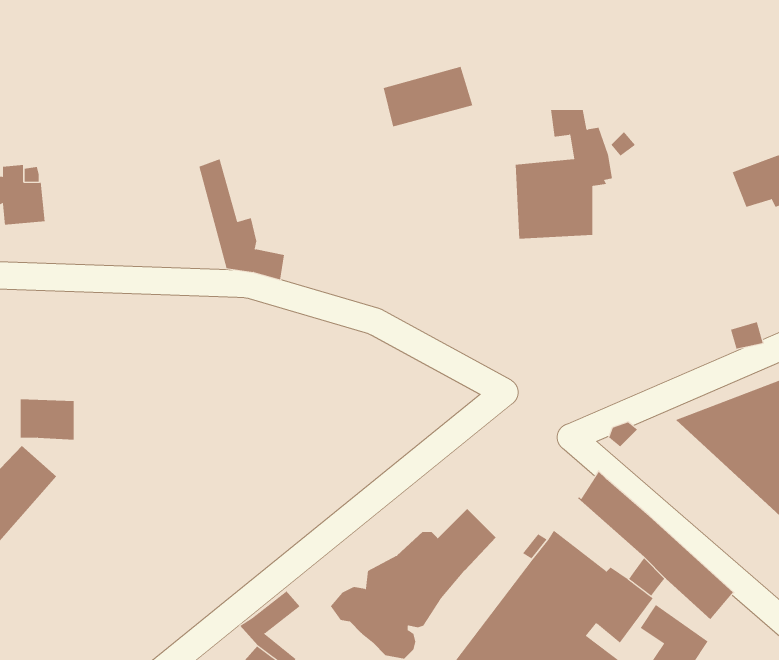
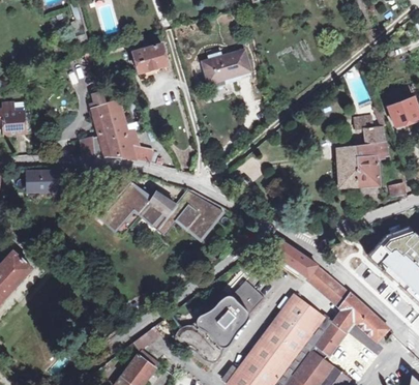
building: none -> [133,43,169,78]
building: [515,110,613,239] -> [337,118,389,186]
building: none -> [82,93,121,157]
building: none -> [107,187,221,235]
building: [20,399,75,440] -> [24,169,53,190]
building: none -> [274,241,318,278]

